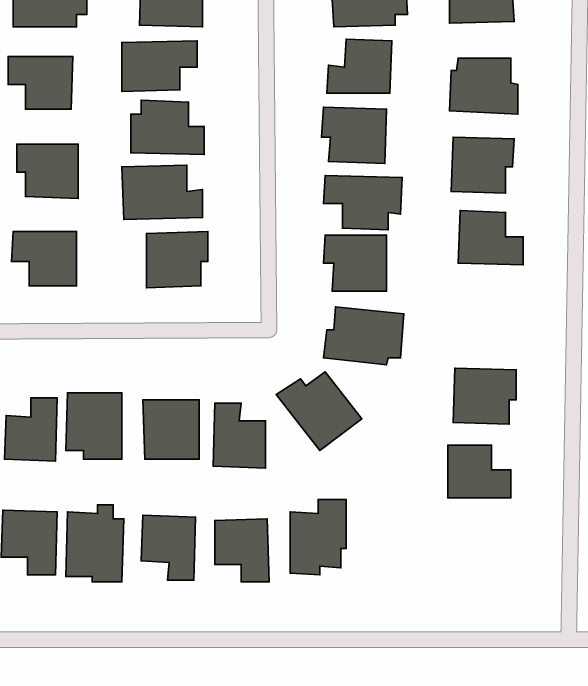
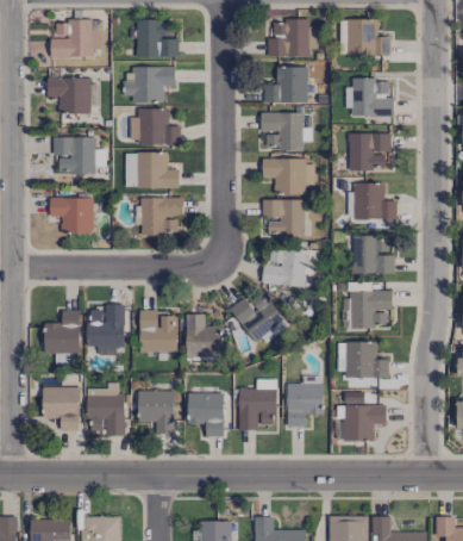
building: none -> [352,236,394,274]
building: none -> [286,383,324,427]
building: none -> [343,404,386,441]

